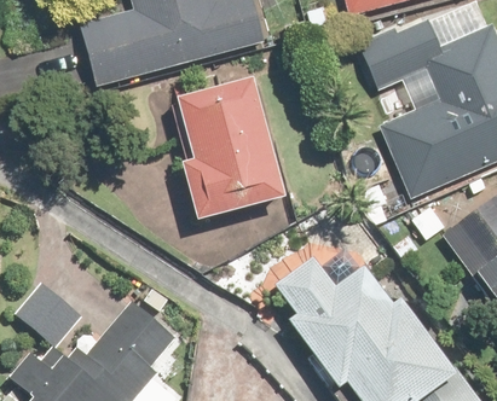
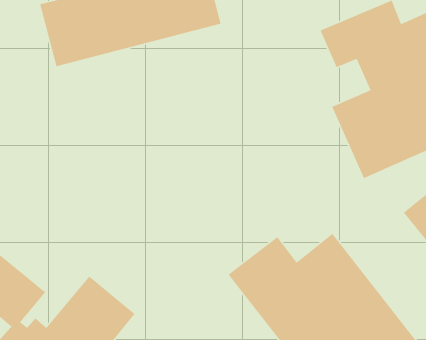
building: [174,76,288,221] -> none

